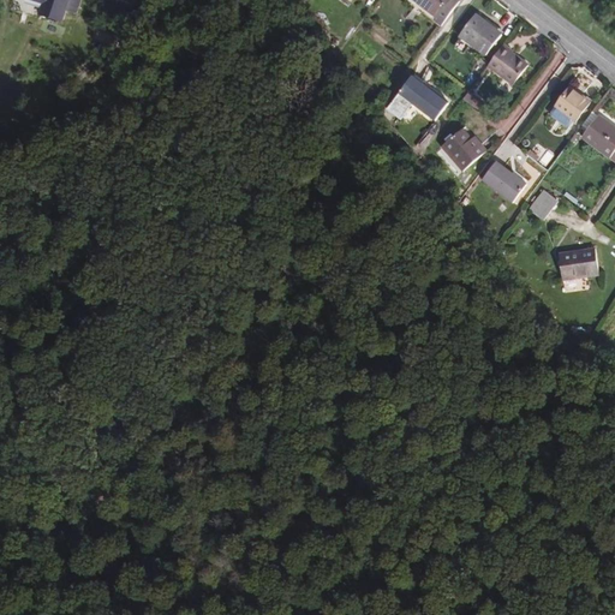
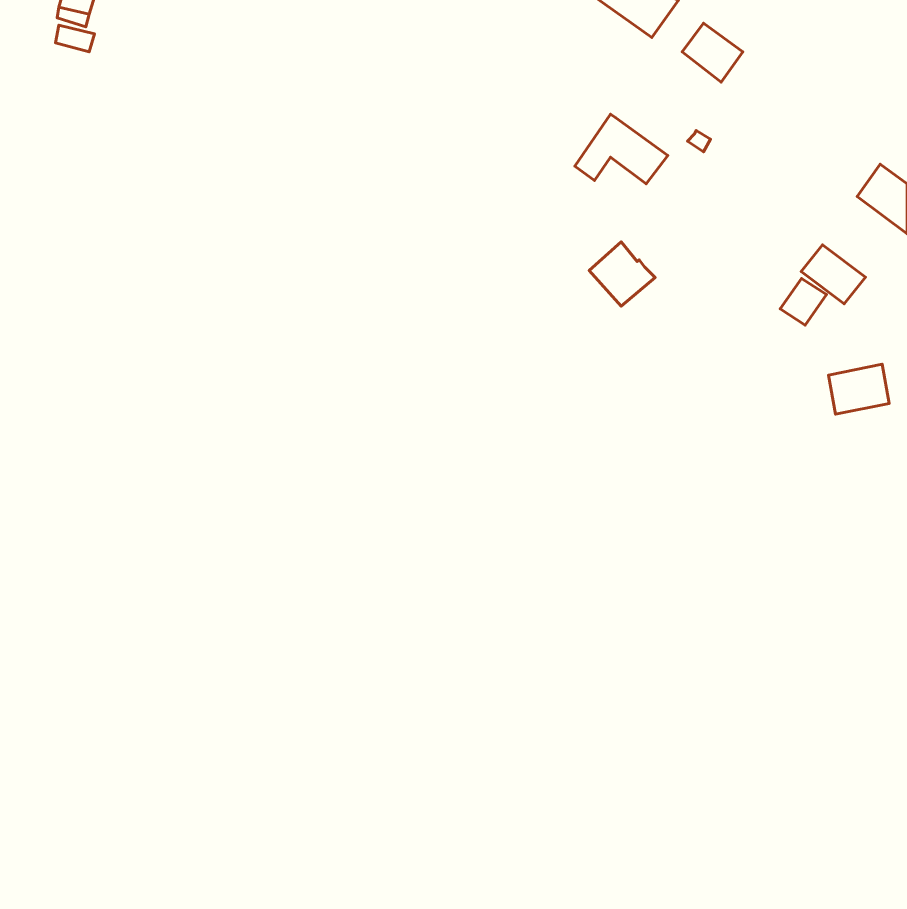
building: [488,42,527,80] -> none
building: [554,86,587,121] -> none
building: [444,123,489,166] -> [589,242,655,306]
building: [484,161,527,201] -> [801,245,865,304]

